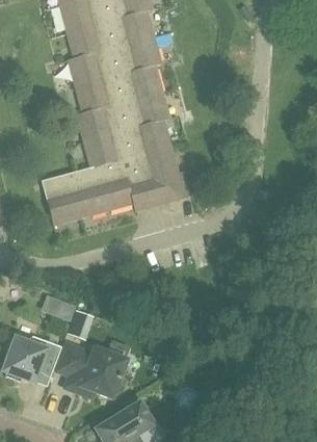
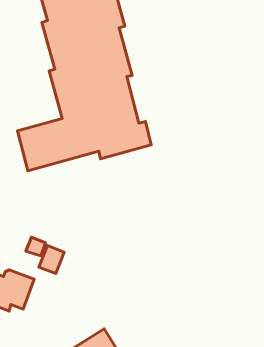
building: [55,344,126,398] -> none

